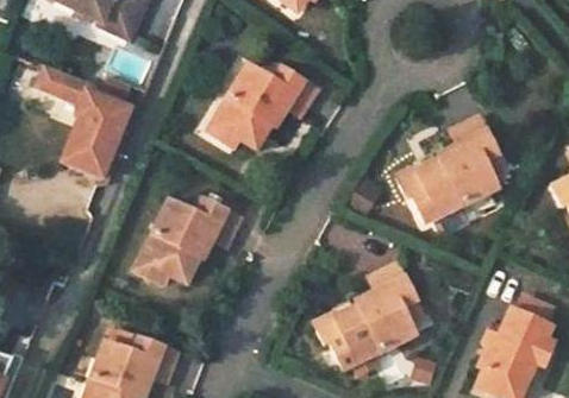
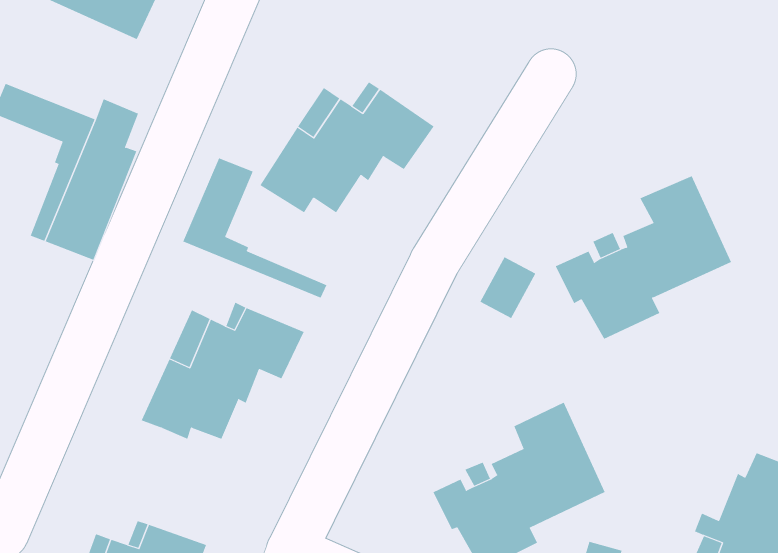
building: none -> [182,158,327,299]

